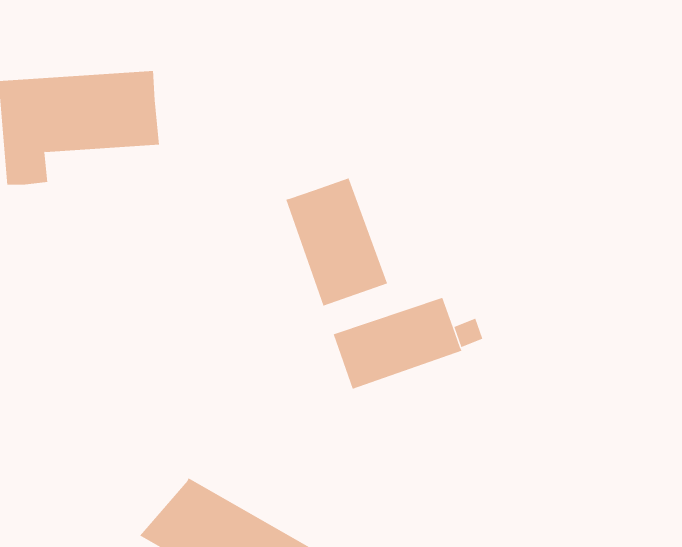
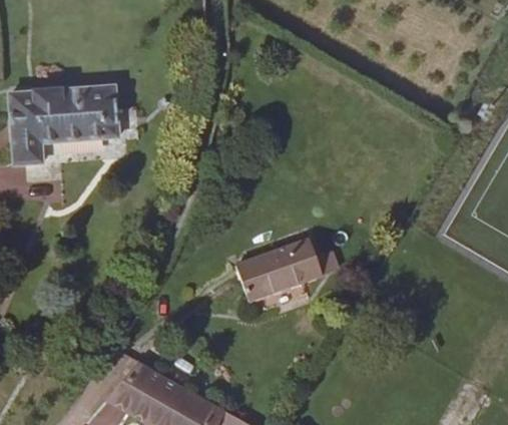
building: [286,177,388,307] -> none

